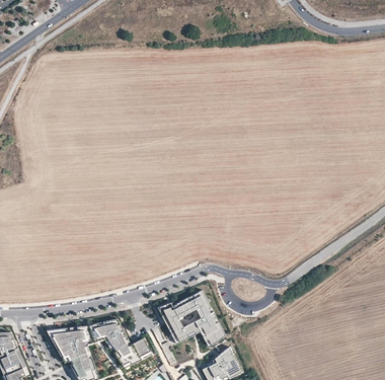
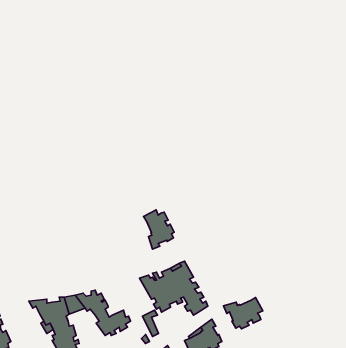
building: none -> [144,210,174,249]
building: none -> [224,298,263,329]

